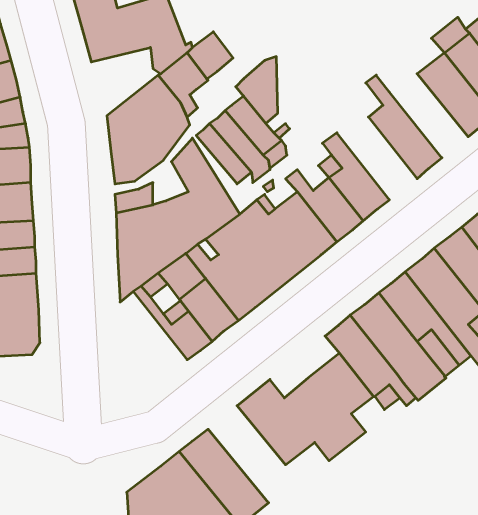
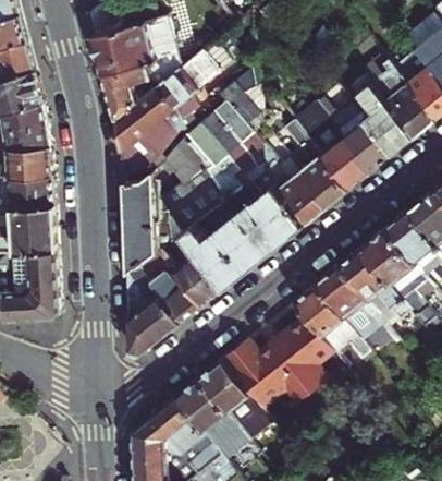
building: none -> [100,62,158,119]
building: none -> [347,83,413,154]
building: none -> [274,88,370,189]
building: none -> [124,265,180,356]
building: none -> [197,360,275,441]

